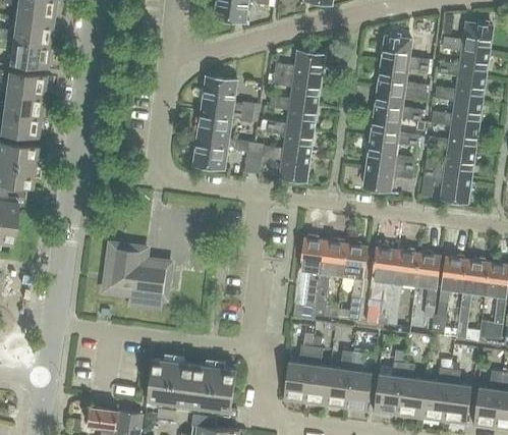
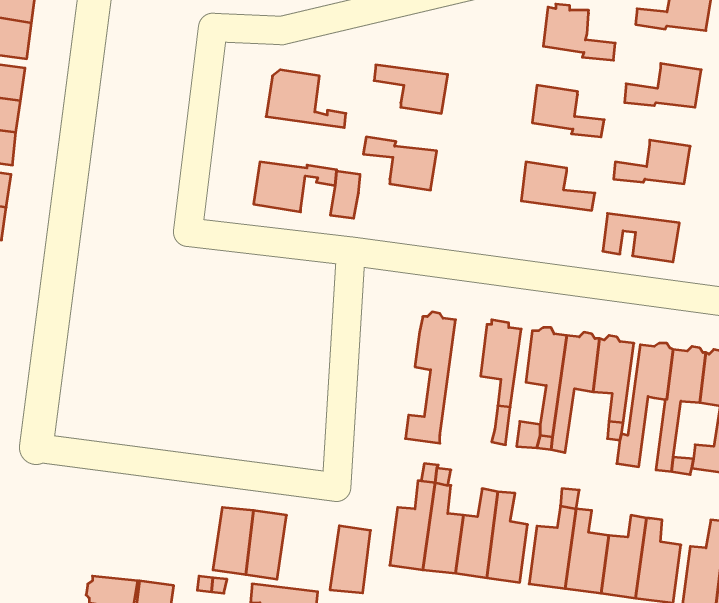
building: [438,48,488,76] -> none
building: [273,51,323,79] -> none
building: [378,61,426,96] -> none
building: [269,96,316,129] -> none
building: [431,98,481,126] -> none
building: [197,107,252,141] -> none
building: [371,111,418,146] -> none
building: [262,146,308,180] -> none
building: [424,148,473,176] -> none
building: [363,162,413,191] -> none
building: [315,238,345,318] -> none
building: [103,243,170,309] -> none
building: [147,359,173,402] -> none
building: [209,367,235,411] -> [330,526,371,593]

